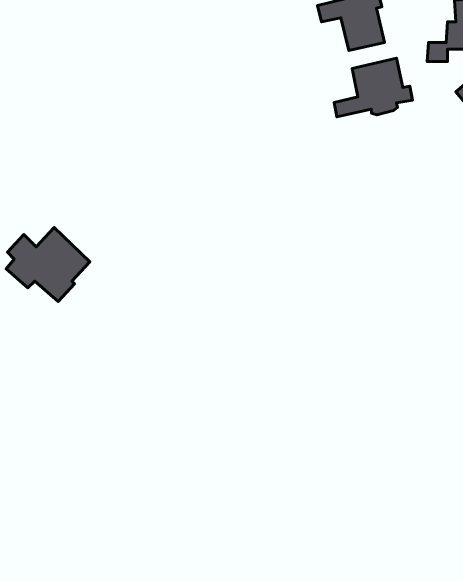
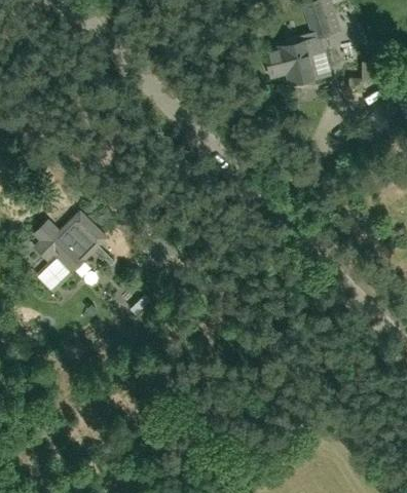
building: [334,58,413,117] -> none

